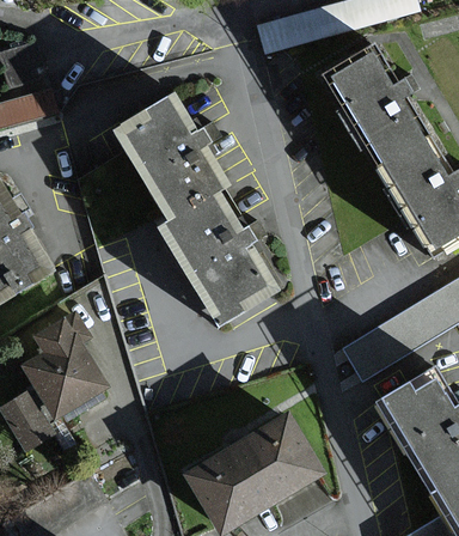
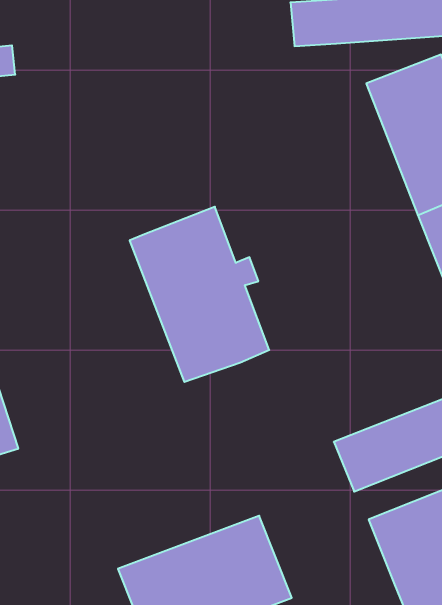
building: [118,89,234,215] -> none

